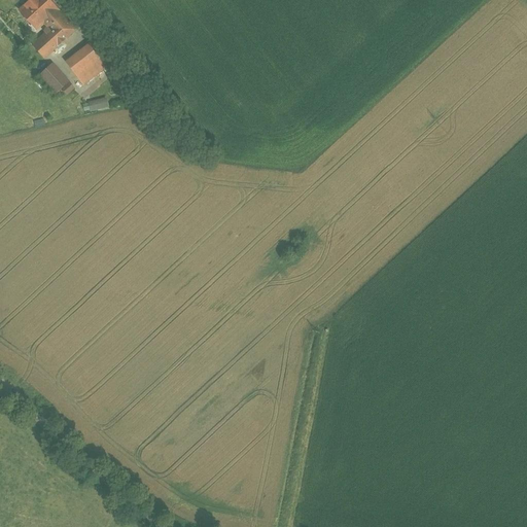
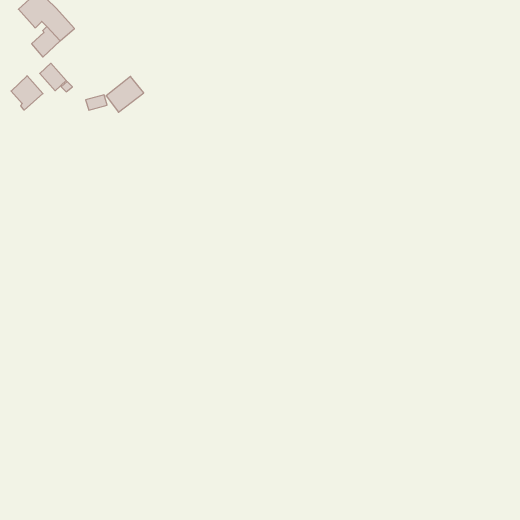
building: [67,42,105,78] -> [106,76,144,112]
building: none -> [11,76,43,110]

